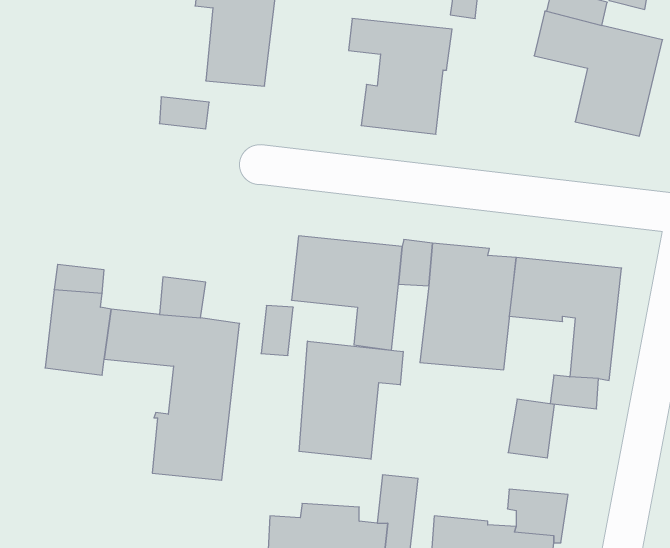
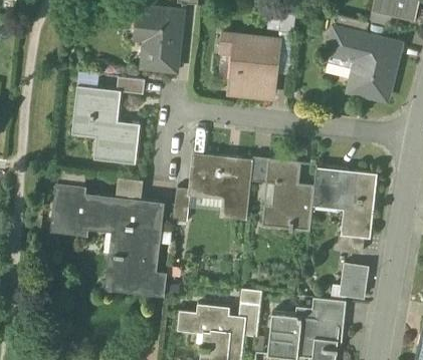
building: none -> [73,86,140,163]
building: [299,341,403,459] -> none
building: [508,399,555,458] -> [341,264,367,297]

